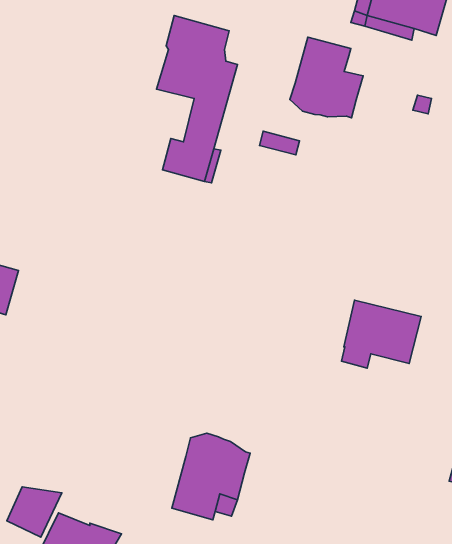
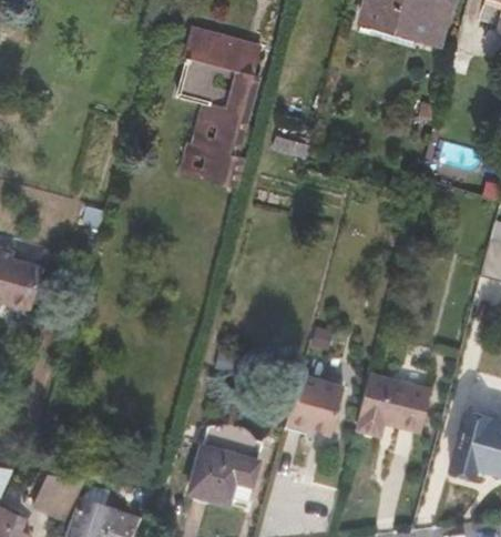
building: [290,37,363,118] -> none
building: [341,300,421,368] -> [357,372,432,436]
building: none -> [286,374,345,433]

